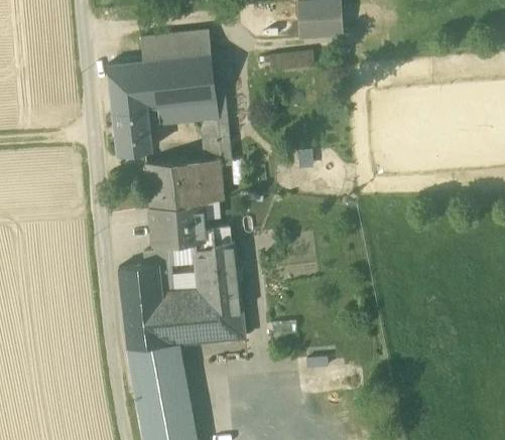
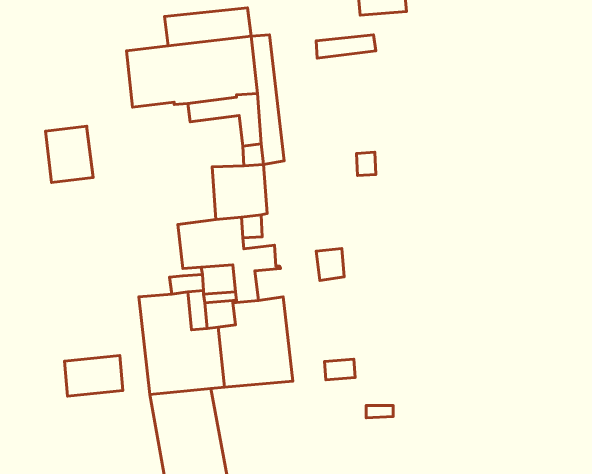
building: [113,109,152,155] -> [45,126,93,182]
building: [146,162,181,209] -> none
building: [214,246,237,272] -> [316,249,344,280]
building: none -> [65,356,123,396]

